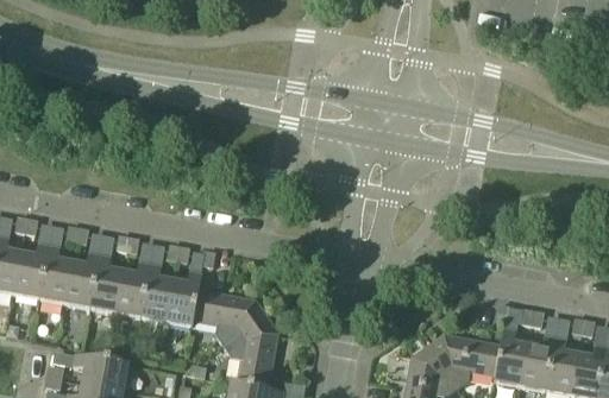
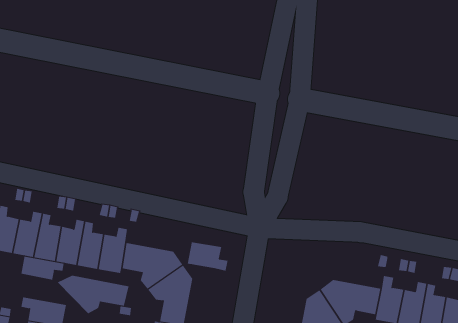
building: none -> [187,242,228,271]
building: none -> [21,256,64,280]
building: none -> [57,275,129,314]

